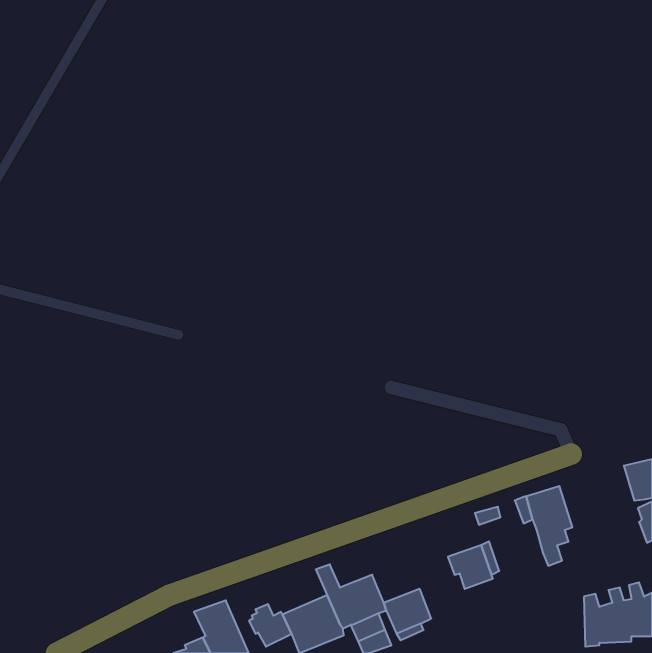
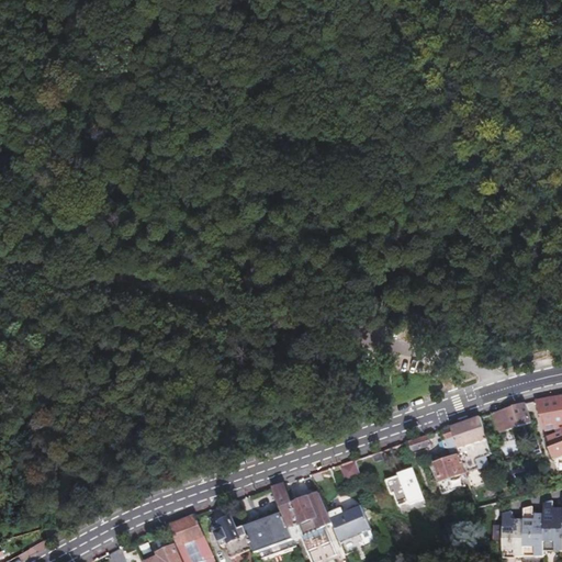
building: none -> [493,402,529,431]
building: none -> [431,453,464,490]

